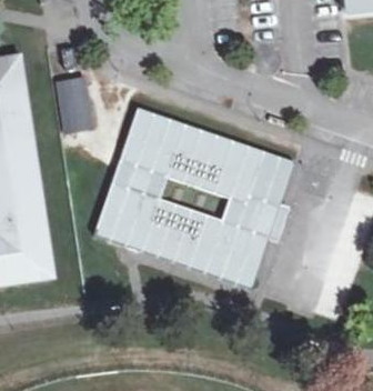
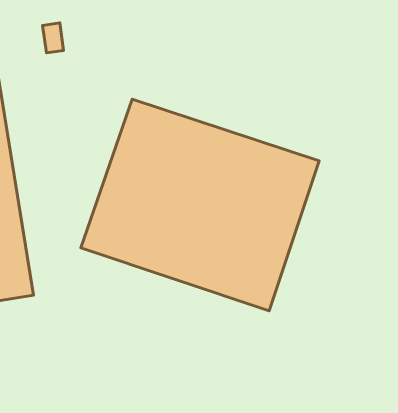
building: [58,76,94,133] -> none

